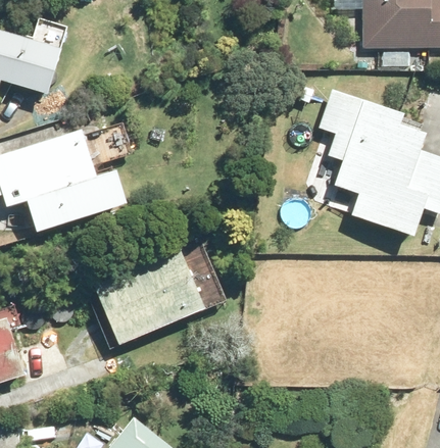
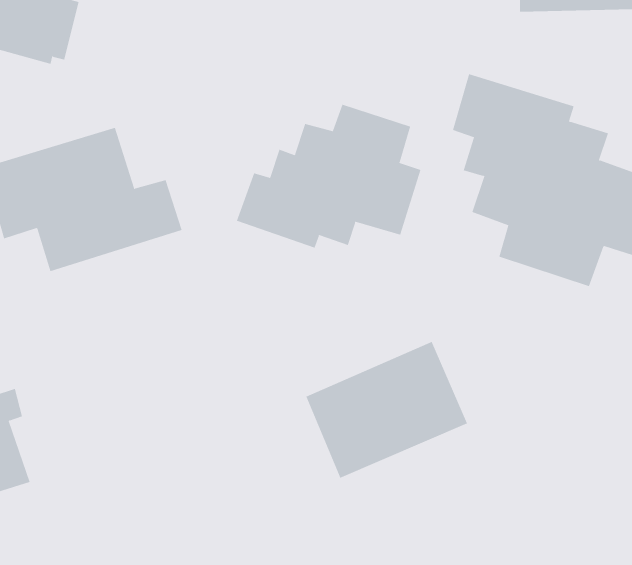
building: none -> [236,104,421,249]
building: [97,250,208,344] -> [306,341,468,479]

